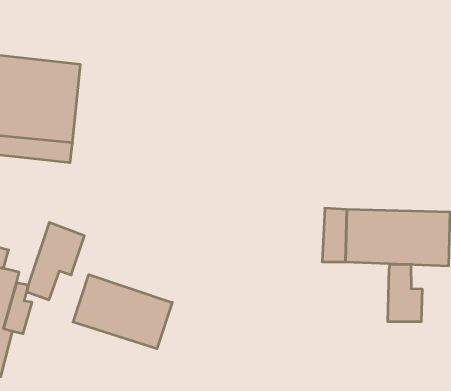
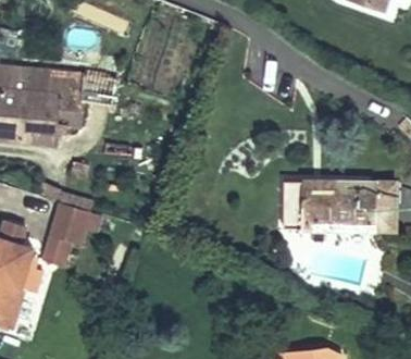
building: [388,264,422,322] -> none
building: [73,275,172,349] -> none

